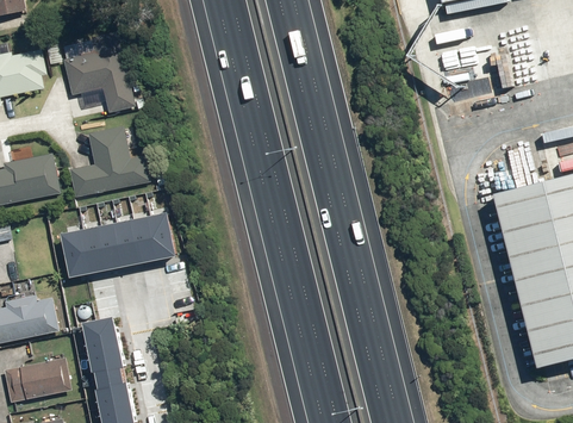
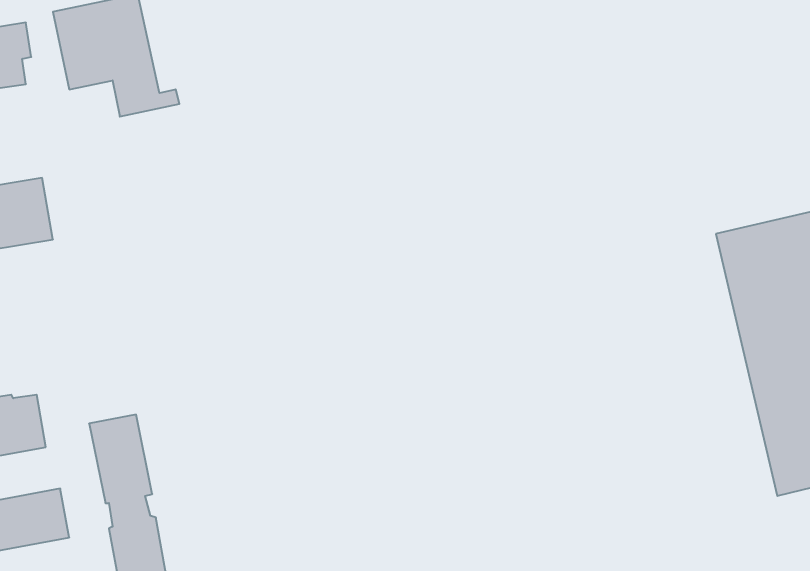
building: [66,129,148,198] -> none
building: [61,209,175,274] -> none

